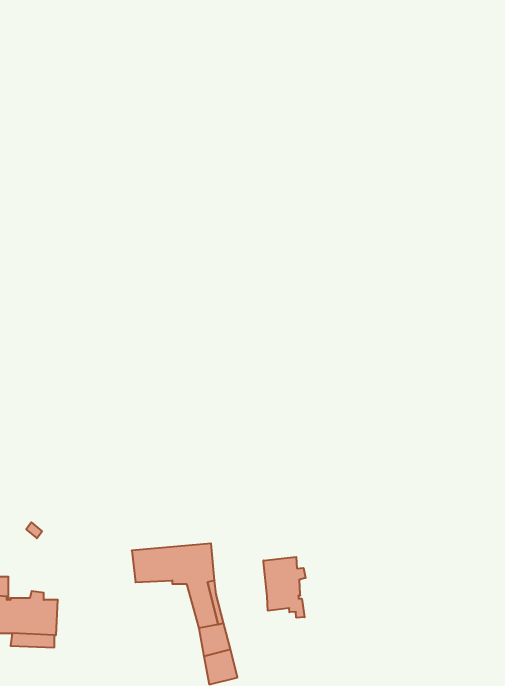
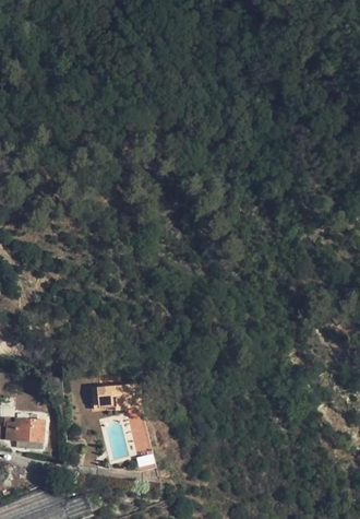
building: [264,557,306,618] -> none

